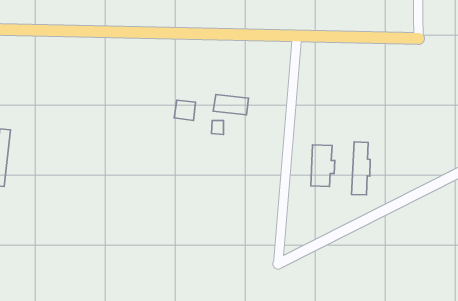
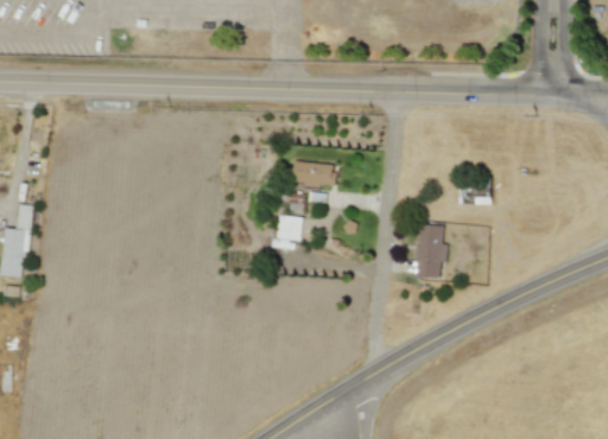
building: [174,100,195,121] -> [276,215,303,241]
building: [352,142,370,195] -> none

